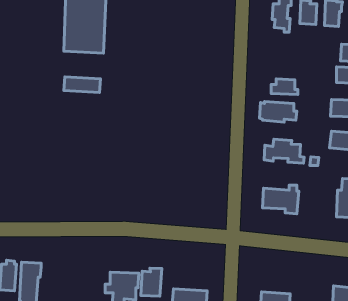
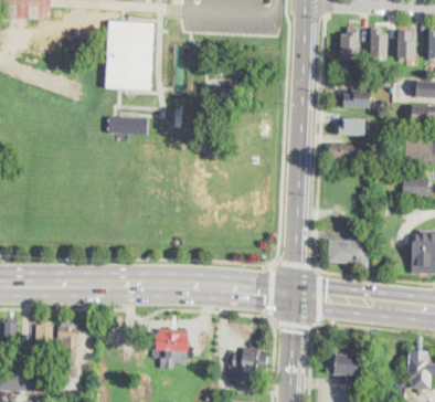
building: none -> [339,89,375,108]
building: [264,139,304,163] -> none
building: [141,268,162,296] -> none

